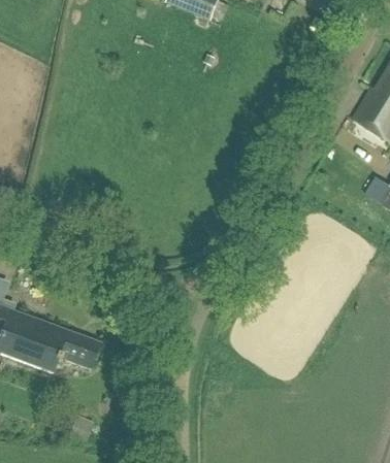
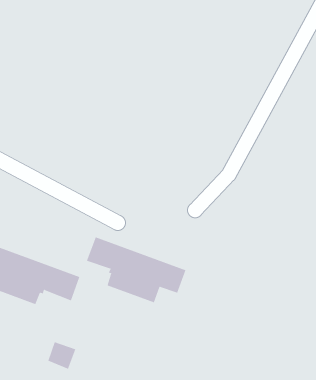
building: none -> [86,237,186,303]

